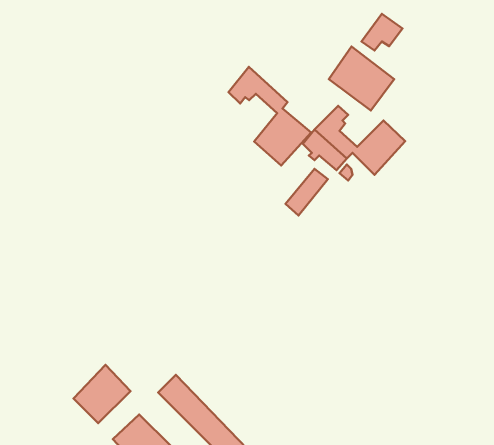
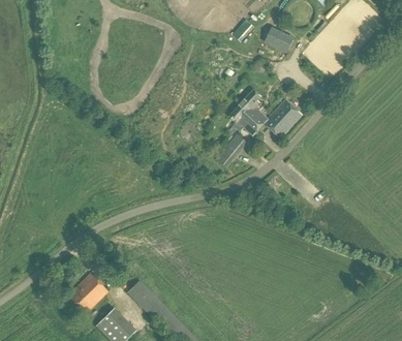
building: [329,46,394,110] -> none
building: [228,67,311,166] -> none

